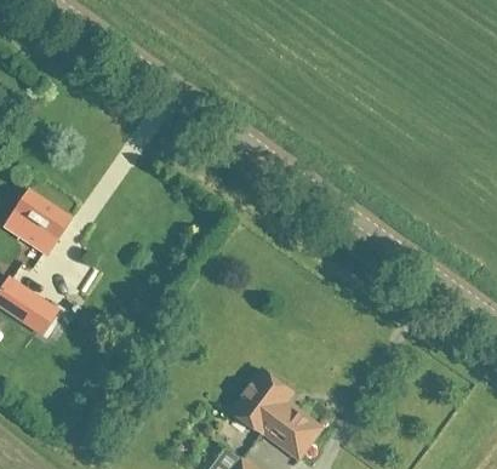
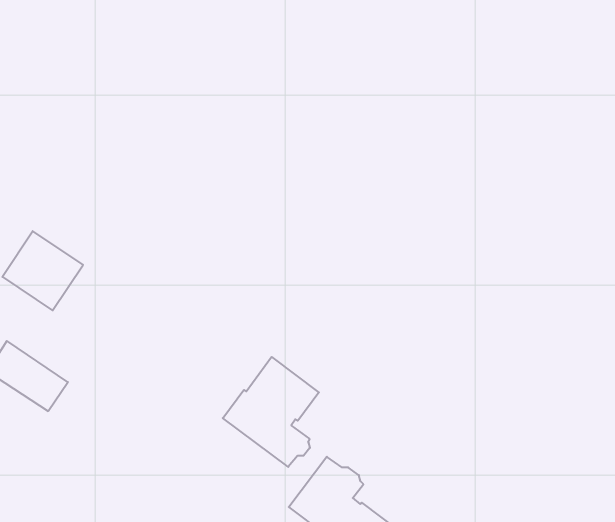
building: none -> [223,357,319,467]

